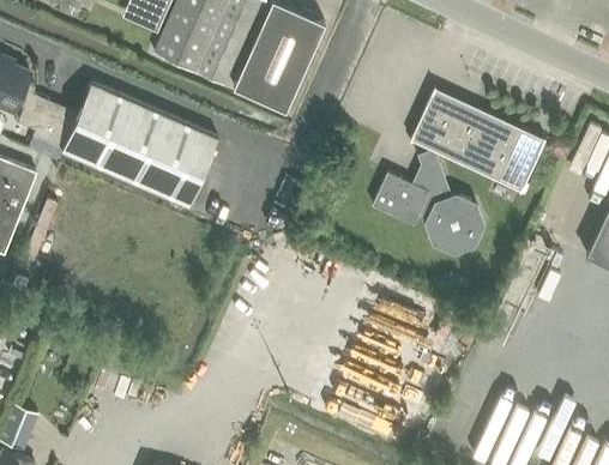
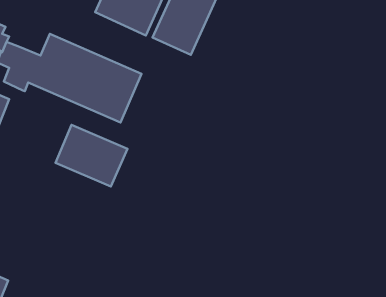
building: [372,89,544,254] -> none
building: none -> [55,125,128,186]

